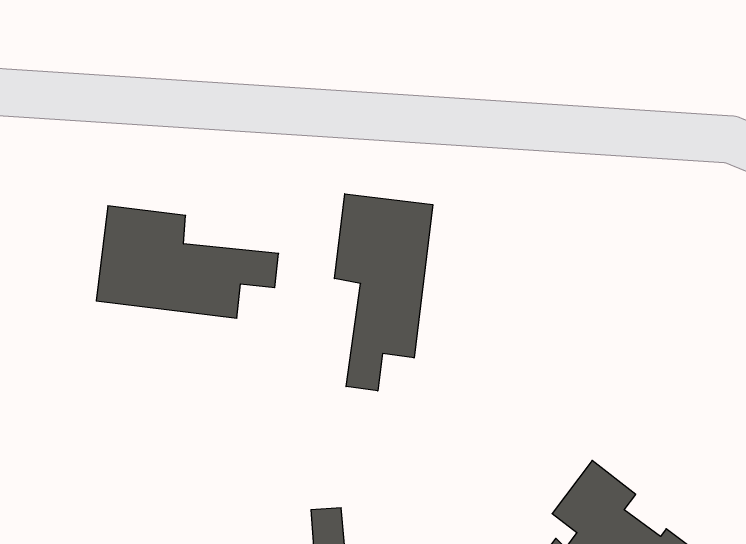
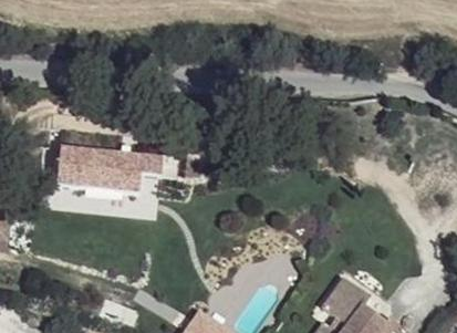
building: [334,194,433,391] -> none

